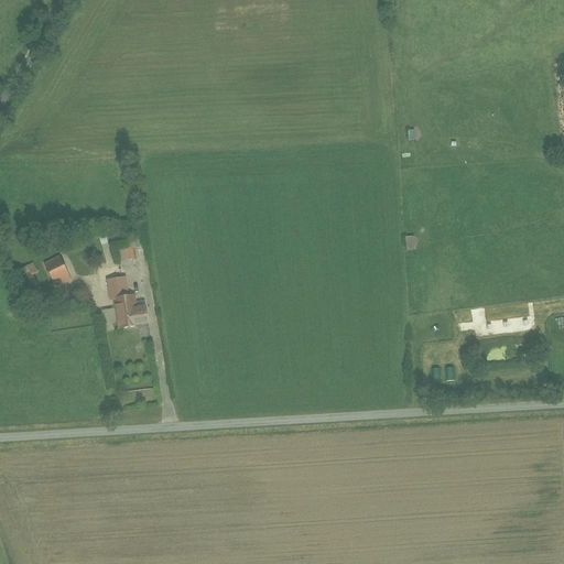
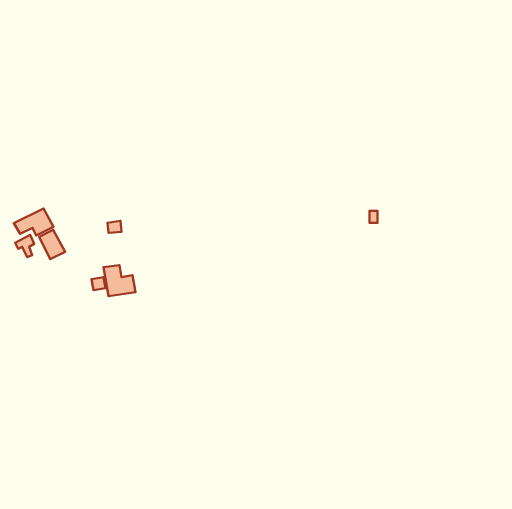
building: none -> [14,208,53,235]

